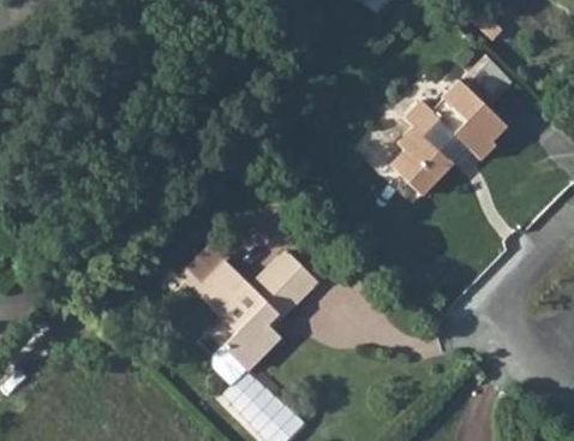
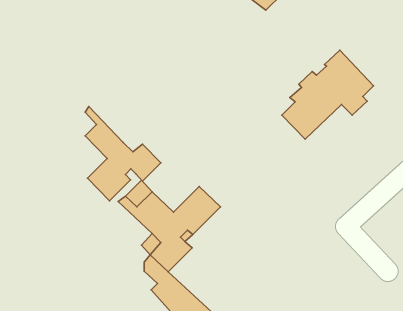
building: none -> [85,107,161,201]

